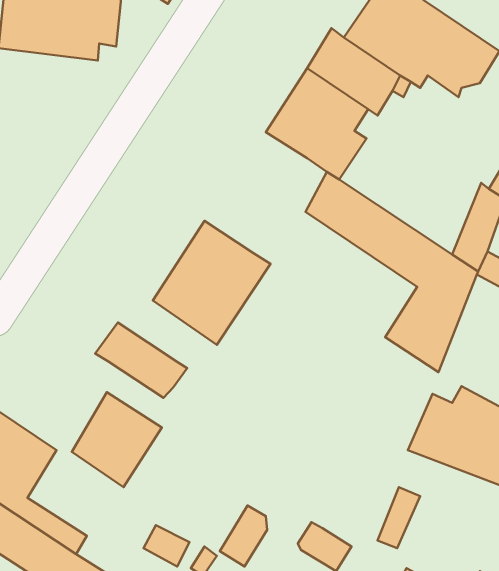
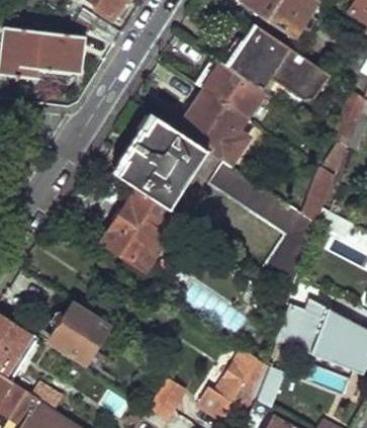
building: none -> [117,113,206,209]
building: [95,323,187,398] -> none
building: none -> [216,349,258,408]

